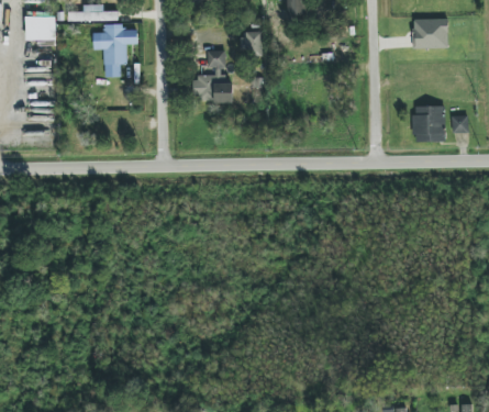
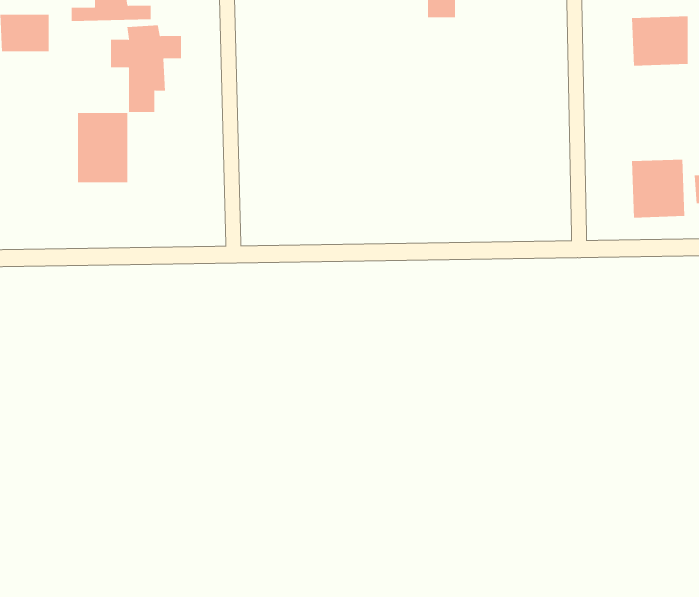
building: [242,31,262,54] -> none
building: [192,51,232,101] -> none
building: none -> [77,112,128,183]

